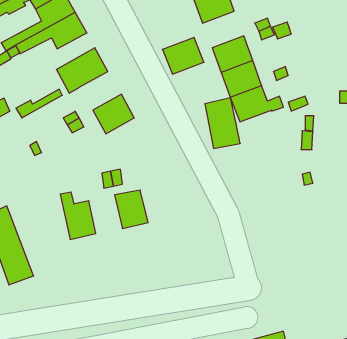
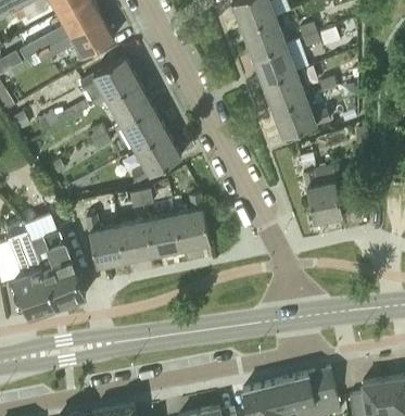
building: [162,37,204,74] -> [241,16,287,56]
building: none -> [105,83,152,125]
building: [205,98,240,148] -> [303,166,342,222]
building: none -> [131,134,180,184]
building: none -> [173,193,210,249]
building: none -> [116,218,153,261]
building: none -> [26,229,85,307]

